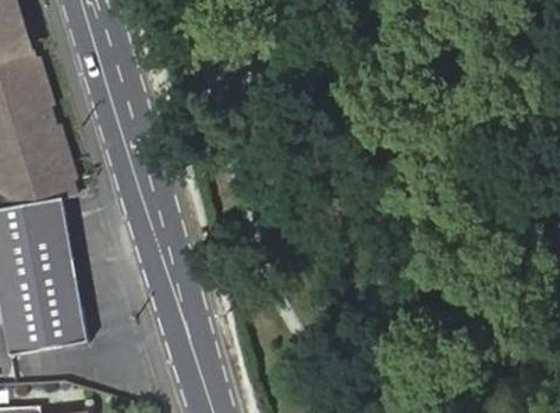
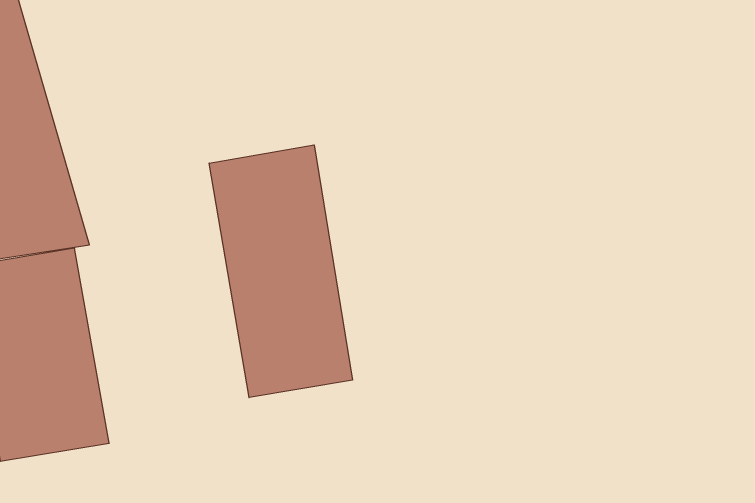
building: none -> [209,145,352,398]

